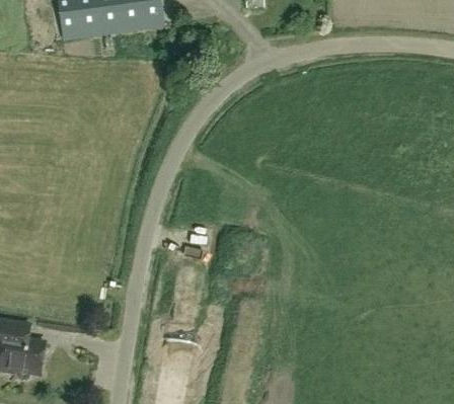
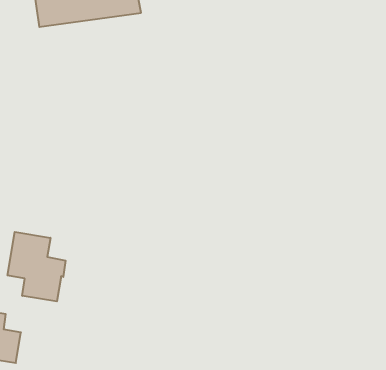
building: none -> [8,232,66,301]

